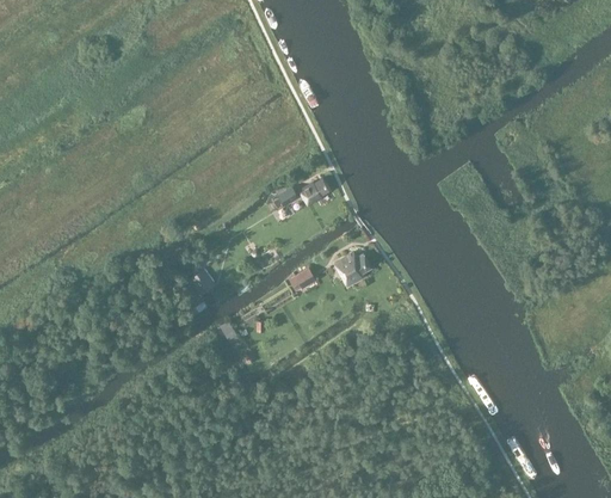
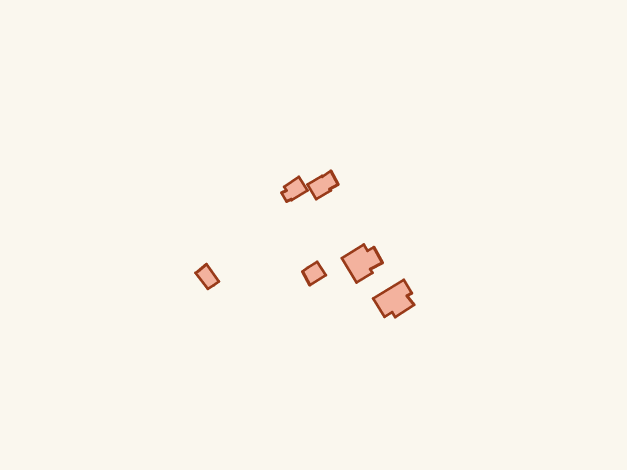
building: none -> [373,280,414,317]

